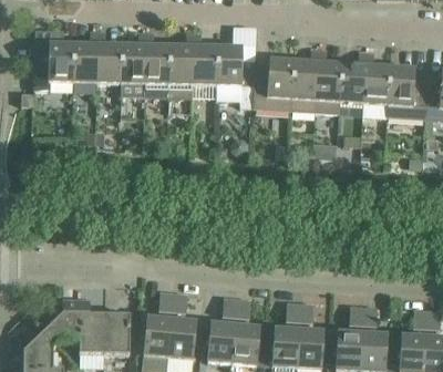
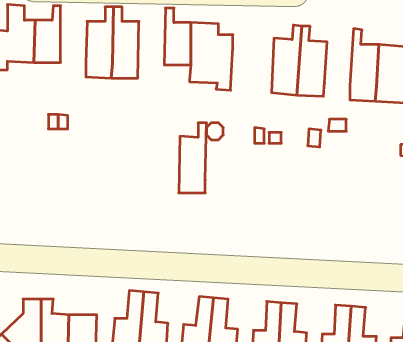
building: [97,30,122,82] -> none
building: [168,32,194,96] -> [179,123,207,193]
building: [340,51,367,103] -> none
building: [254,59,293,110] -> none

